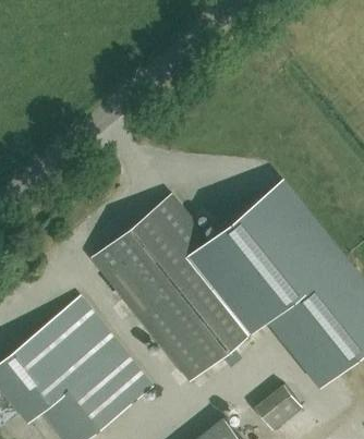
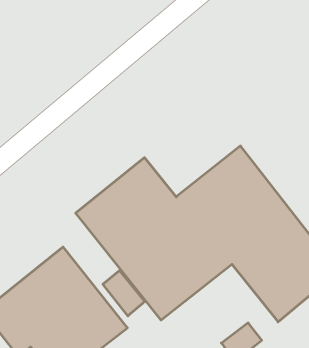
building: none -> [103,271,145,316]

